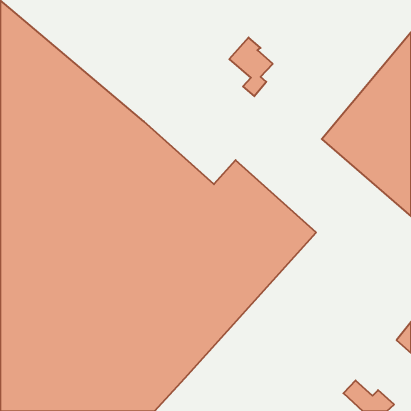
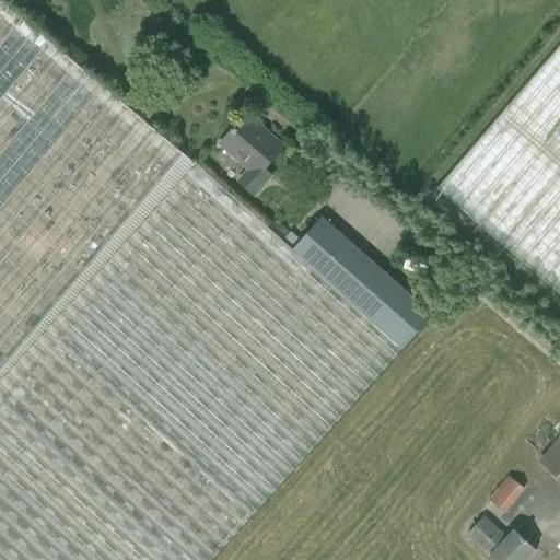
building: [229,37,273,96] -> [219,116,278,196]
building: none -> [488,477,524,513]

